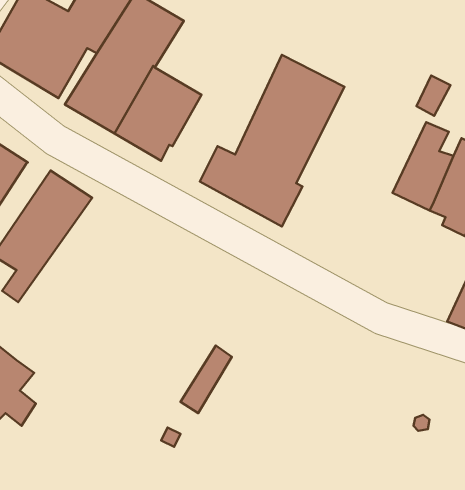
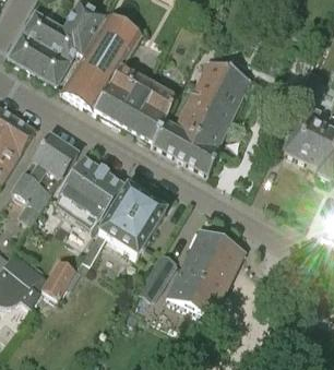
building: none -> [127,83,177,142]
building: none -> [55,157,123,228]
building: none -> [83,186,166,263]
building: none -> [167,229,246,318]
building: none -> [45,261,81,297]

